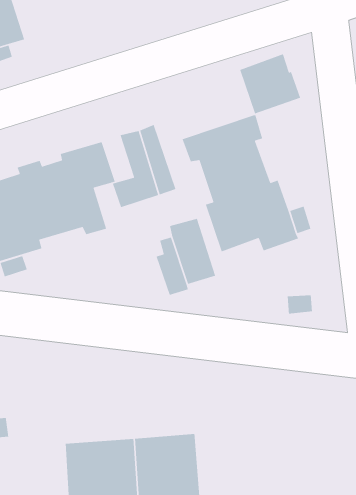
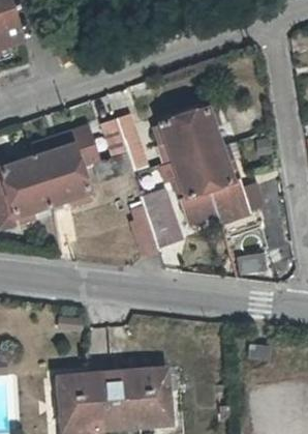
building: [239,53,301,114] -> none

